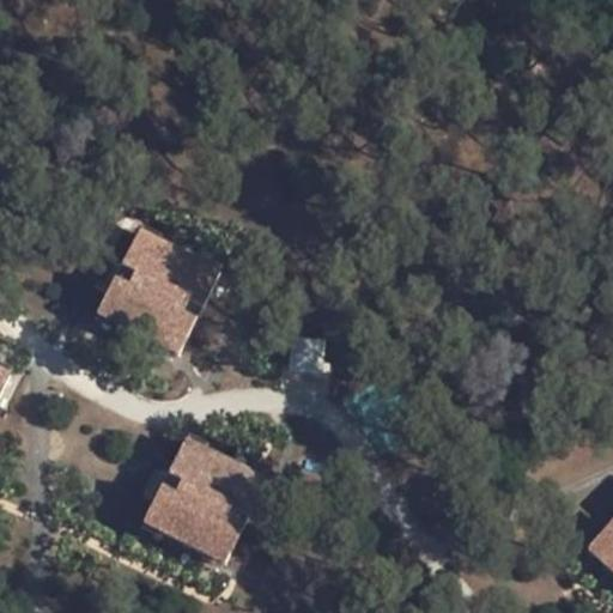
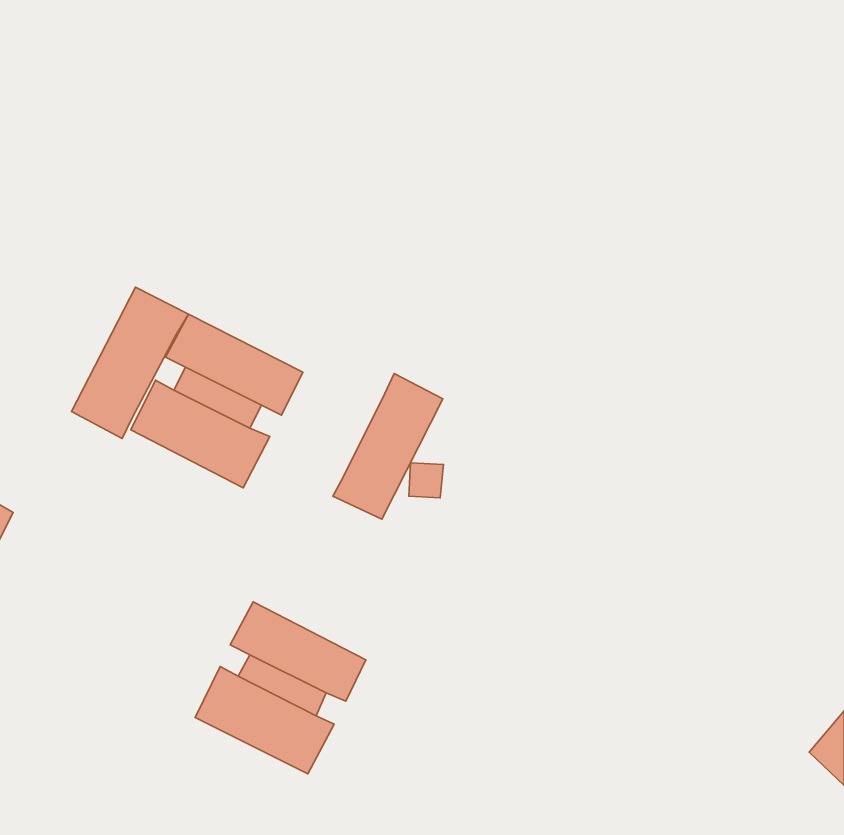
building: none -> [71,287,189,438]
building: none -> [333,373,443,519]

